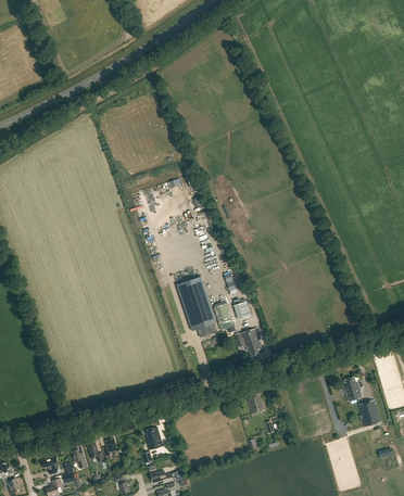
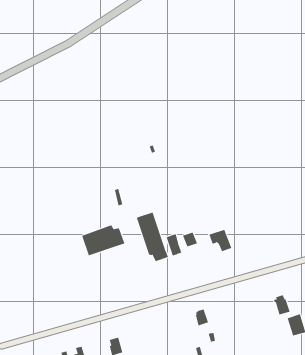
building: none -> [81,224,125,256]
building: [236,329,264,356] -> [209,229,232,252]

